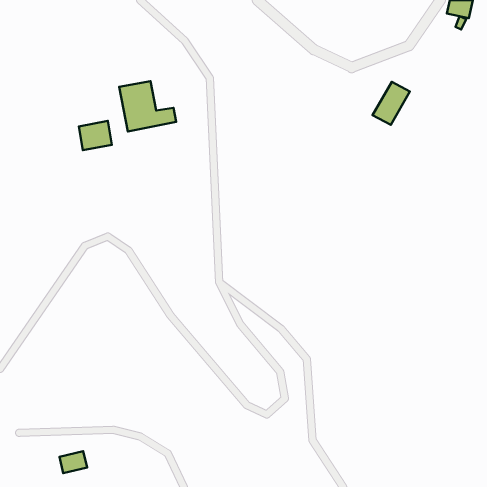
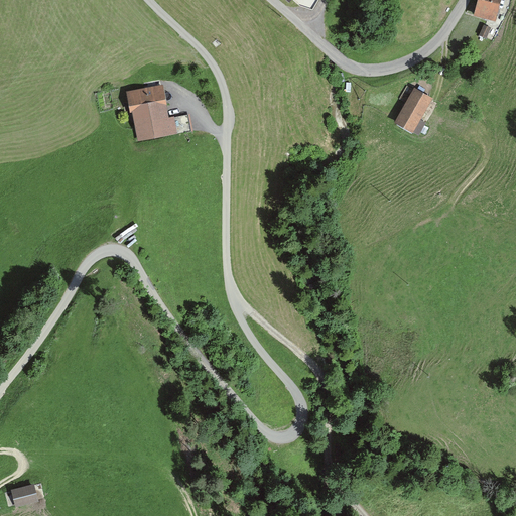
building: [79,121,112,150] -> none
building: [60,451,87,473] -> [10,483,39,506]

